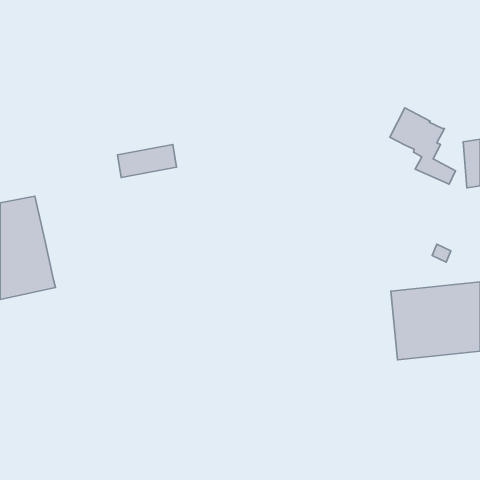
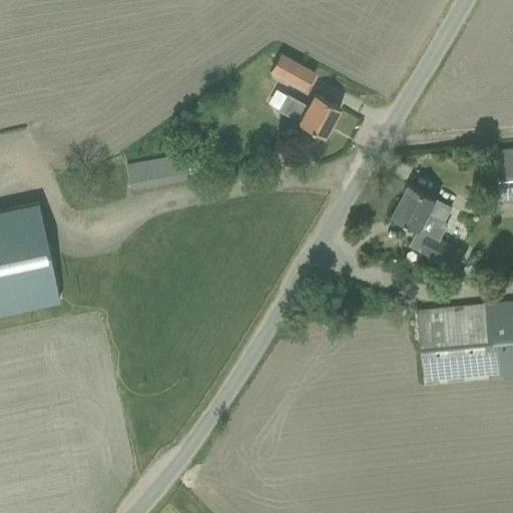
building: none -> [269,53,314,90]
building: none -> [277,93,339,136]
building: [390,108,456,184] -> [393,184,463,266]

